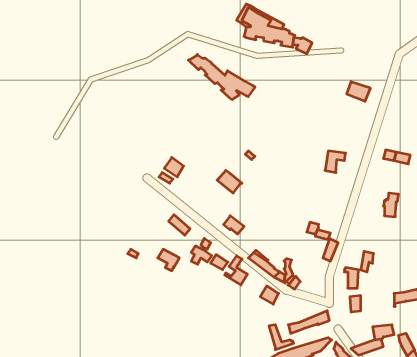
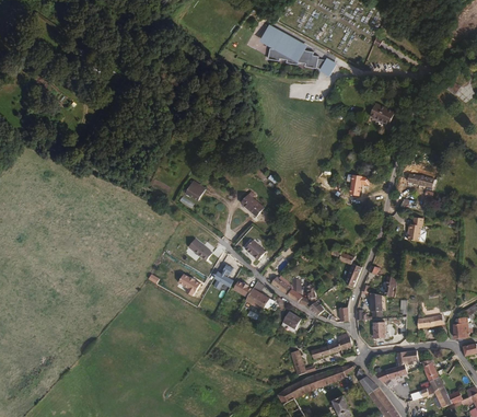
building: [188,54,255,100] -> none

